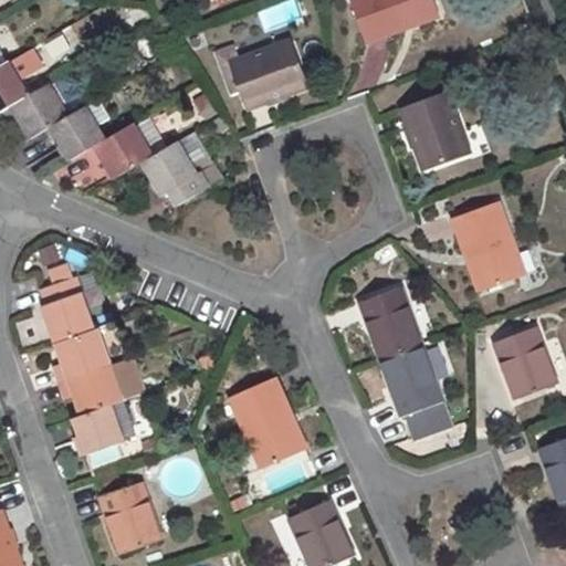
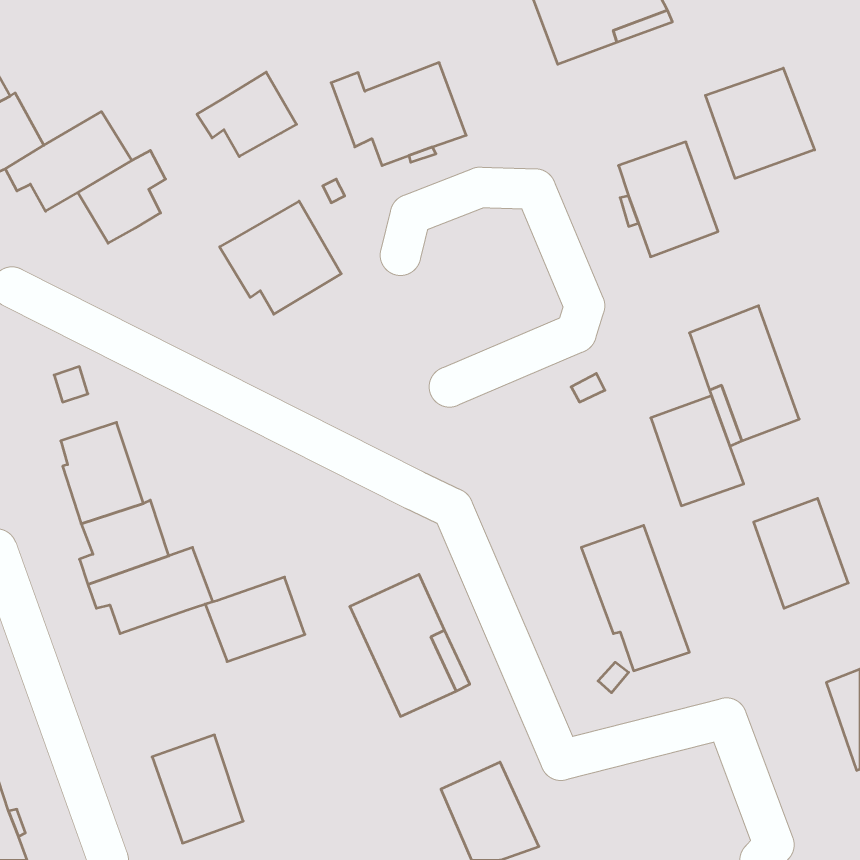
building: none -> [705,68,815,178]
building: [88,122,154,177] -> [197,72,297,157]
building: [360,286,421,358] -> [651,396,744,506]
building: [71,399,136,454] -> [205,577,305,662]

